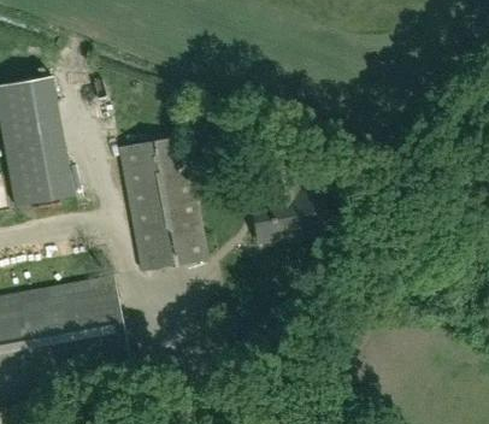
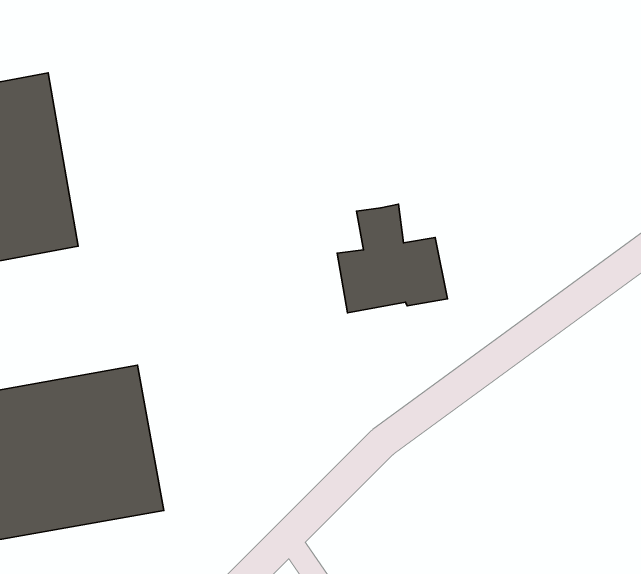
building: [120,135,207,271] -> none

